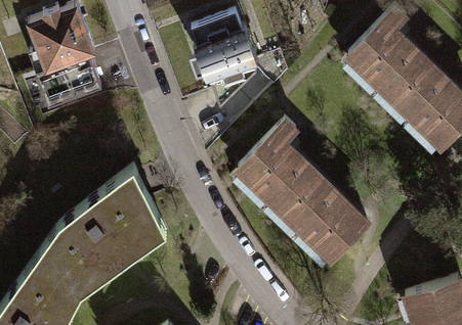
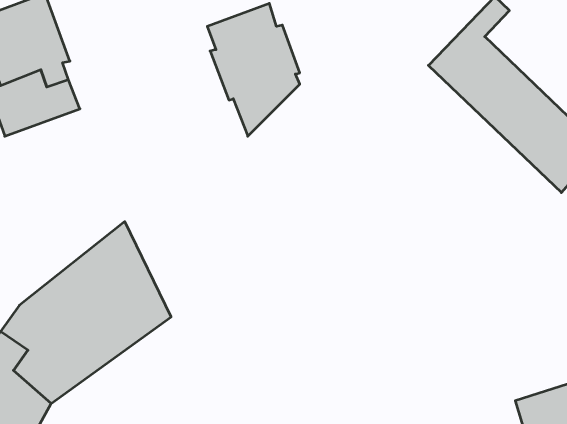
building: [238,118,362,256] -> none

